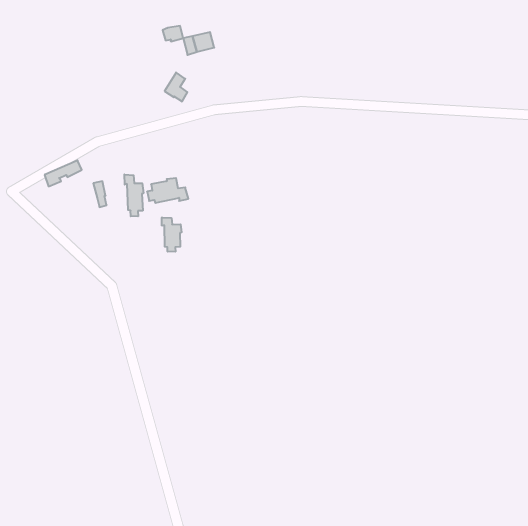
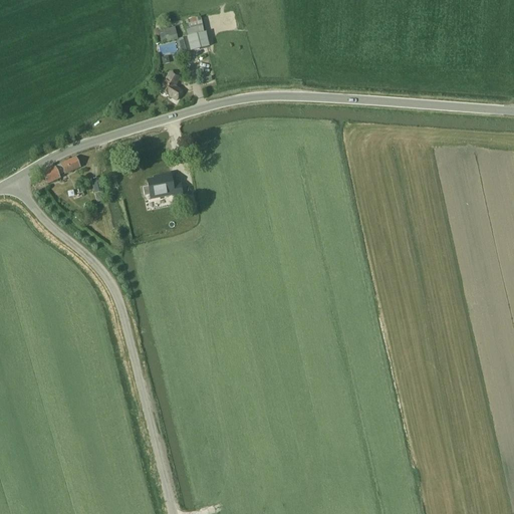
building: [124,174,143,216] -> none
building: [162,217,182,252] -> none

